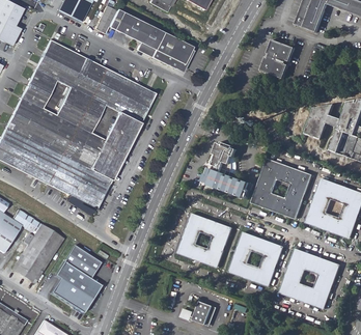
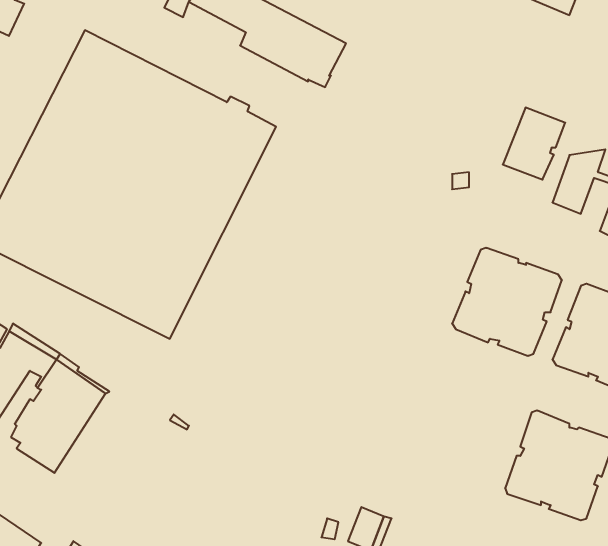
building: [260,37,295,77] -> [503,108,565,180]
building: [203,142,250,198] -> none
building: [178,214,233,267] -> none
building: [230,232,284,285] -> none
building: [46,246,100,314] -> none

